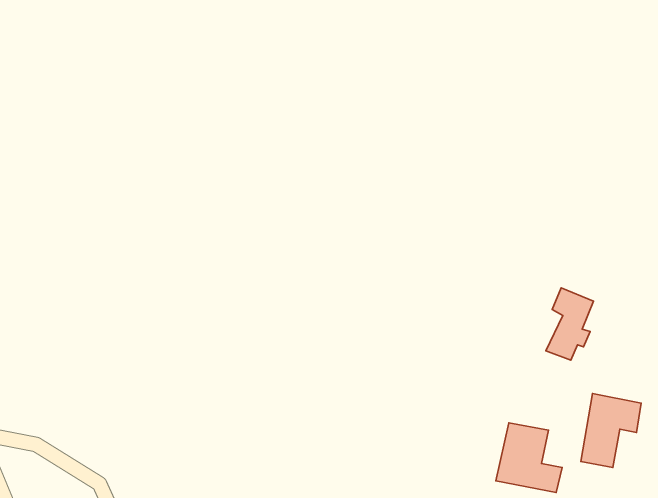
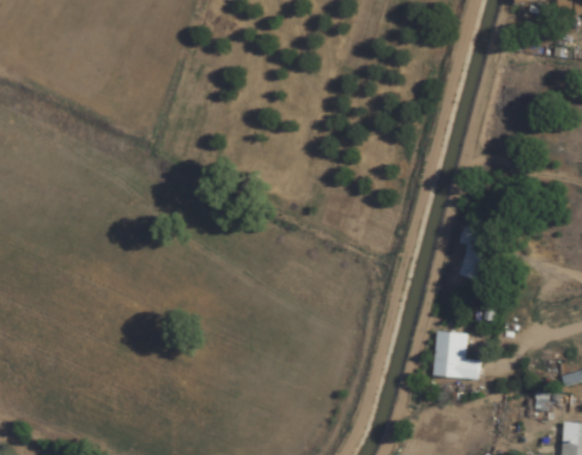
building: [581,394,641,468] -> none

